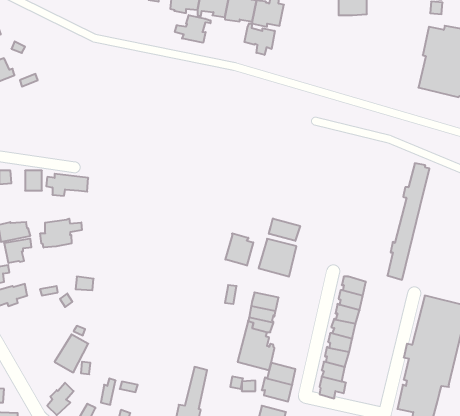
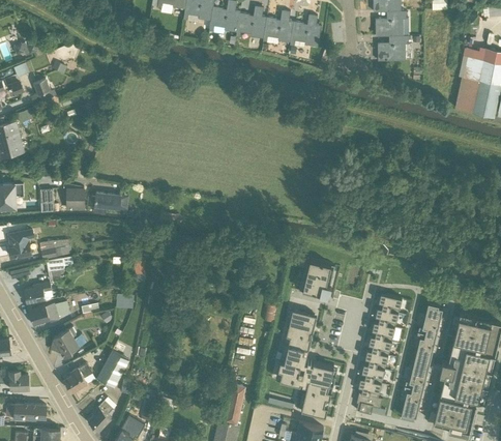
building: none -> [377,35,411,61]
building: [175,15,211,43] -> none
building: [244,23,275,55] -> none
building: [387,163,429,280] -> [401,303,442,418]
building: [269,218,300,241] -> none
building: [40,219,82,248] -> none
building: [225,233,253,266] -> none
building: none -> [50,326,86,357]
building: none -> [308,361,337,385]
building: none -> [64,363,94,391]

